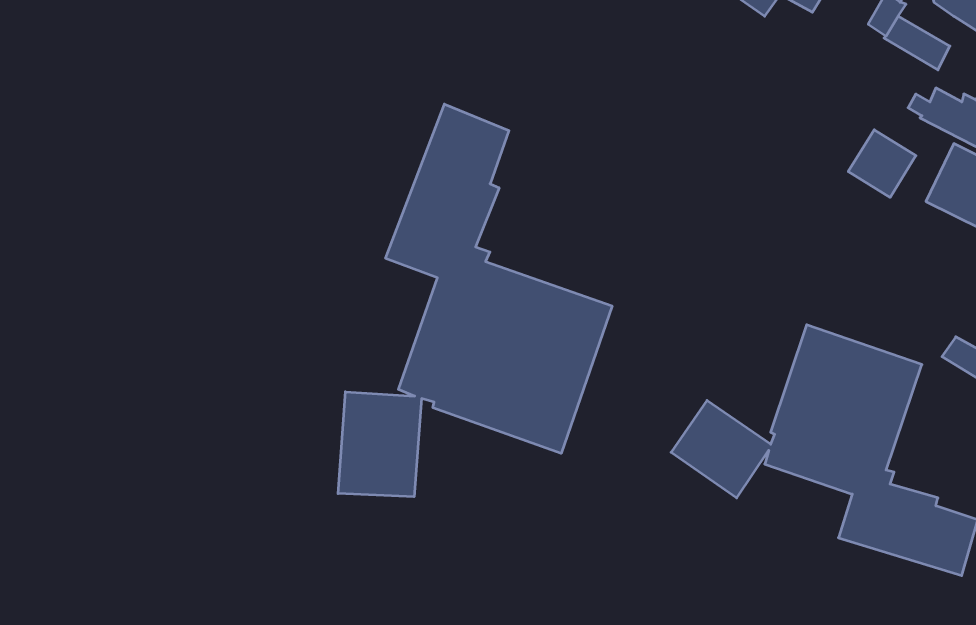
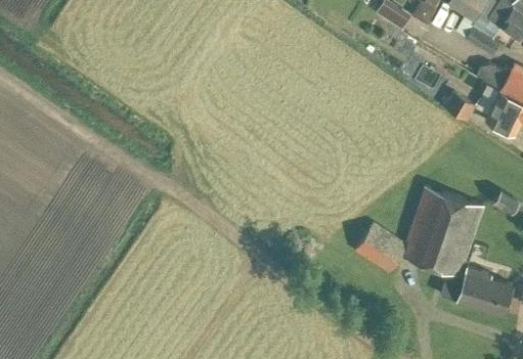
building: [338,104,612,497] -> none

